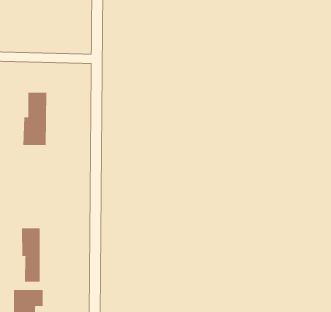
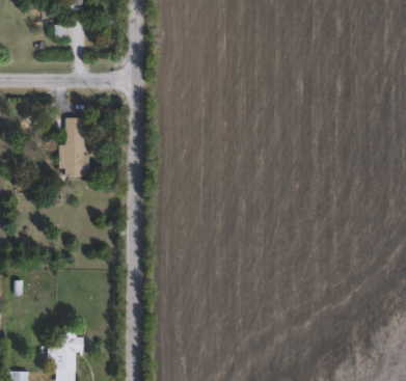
building: [22,227,40,283] -> none

